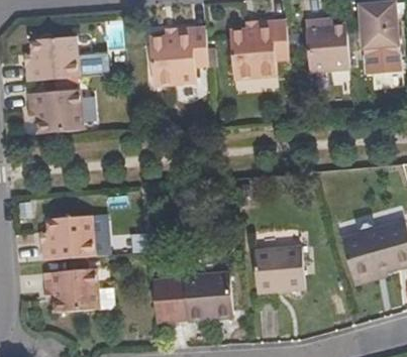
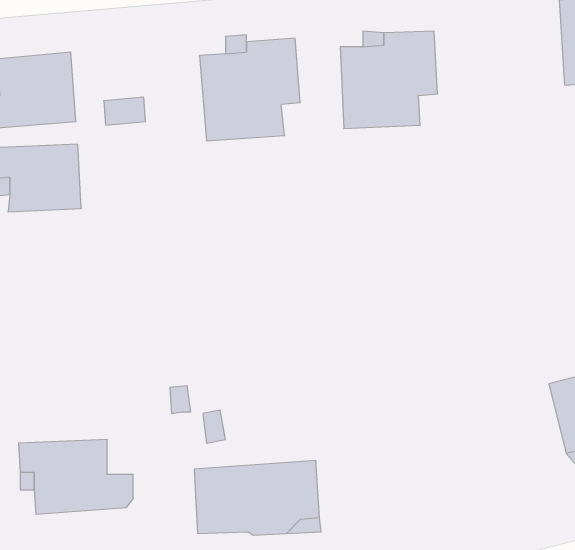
building: [305,21,349,72] -> none
building: [40,211,93,255] -> none
building: [257,240,309,288] -> none

